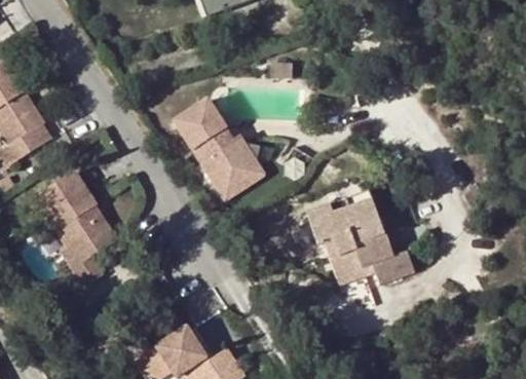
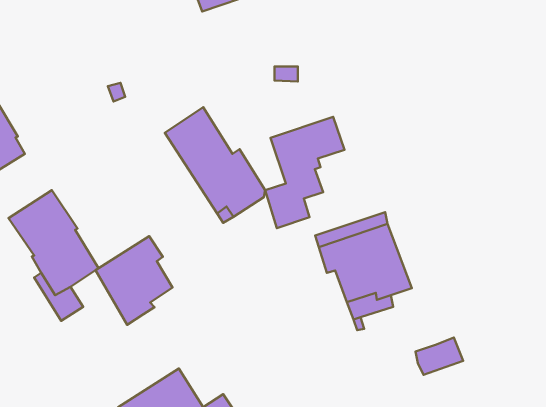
building: none -> [265,117,345,228]
building: none -> [95,236,173,325]
building: [374,251,416,283] -> [415,337,463,375]

